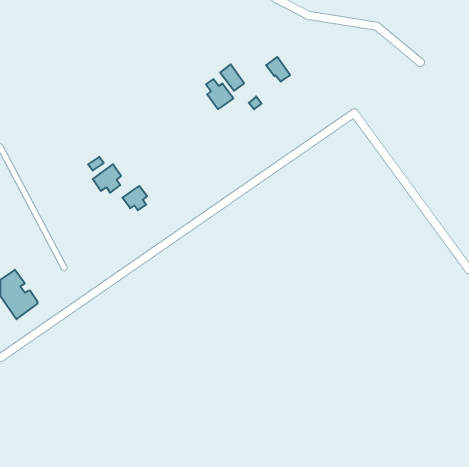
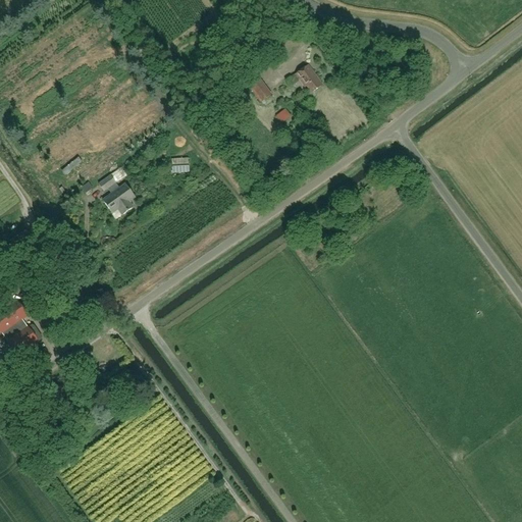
building: [206,79,233,109] -> none
building: [122,186,147,210] -> none

